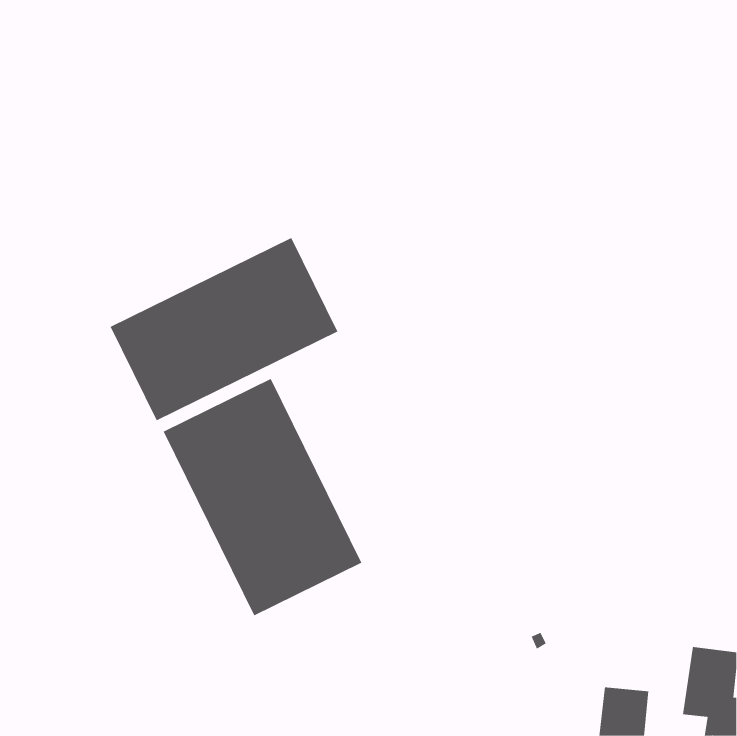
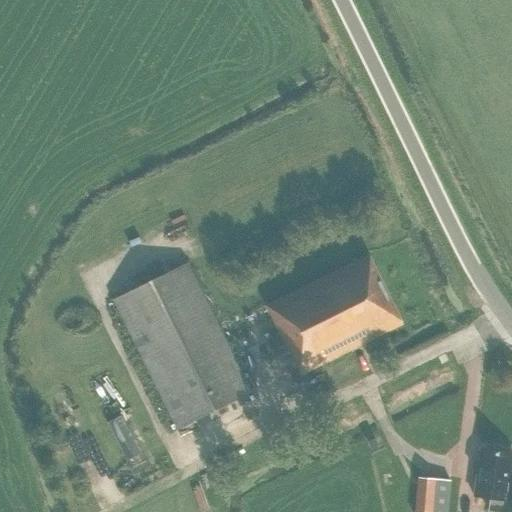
building: [110,237,338,421] -> none
building: none -> [265,255,402,372]

